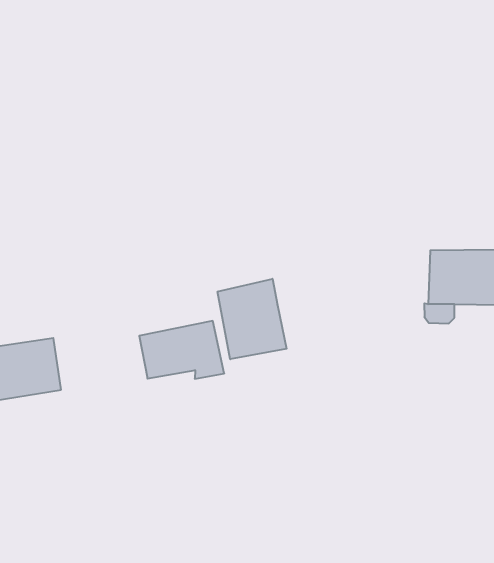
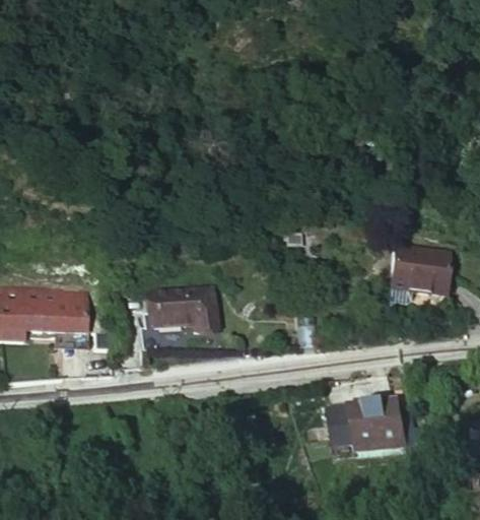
building: [218,279,287,359] -> none
building: none -> [328,396,415,447]

